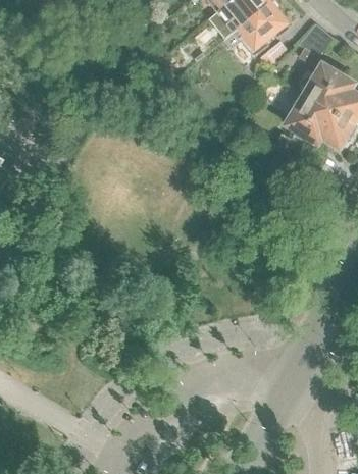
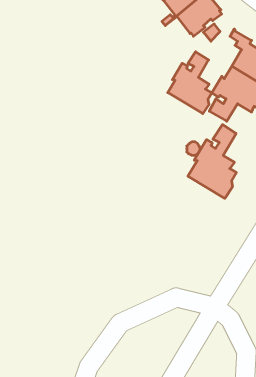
building: none -> [168,52,212,114]
building: none -> [188,125,236,198]

